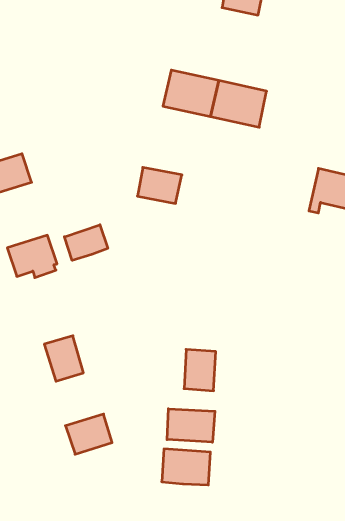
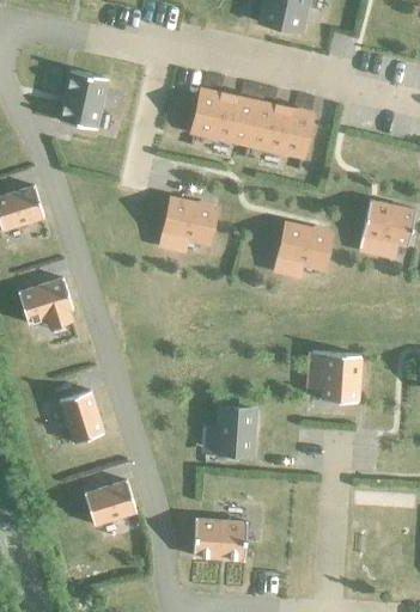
building: none -> [59,71,106,130]
building: none -> [280,226,330,268]
building: [64,225,108,260] -> none
building: none -> [310,353,360,403]
building: [167,409,215,442] -> none

